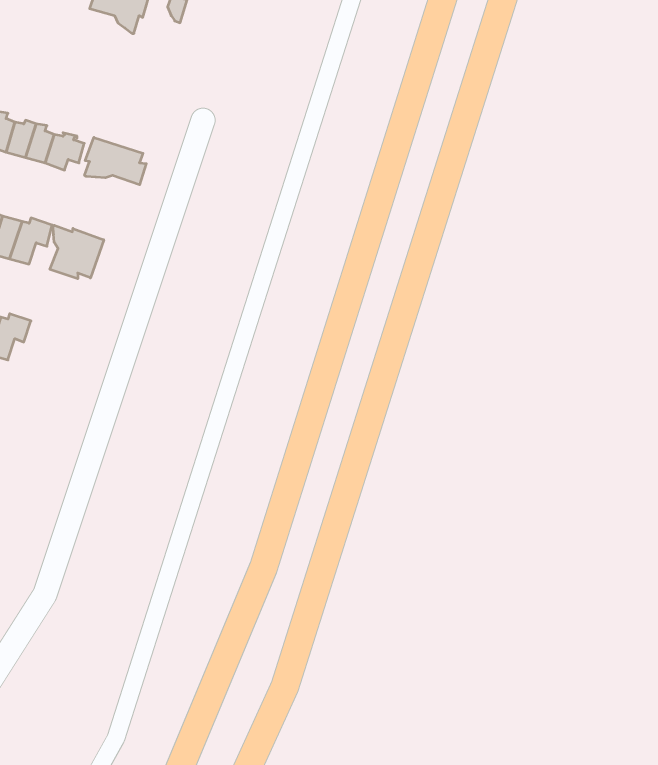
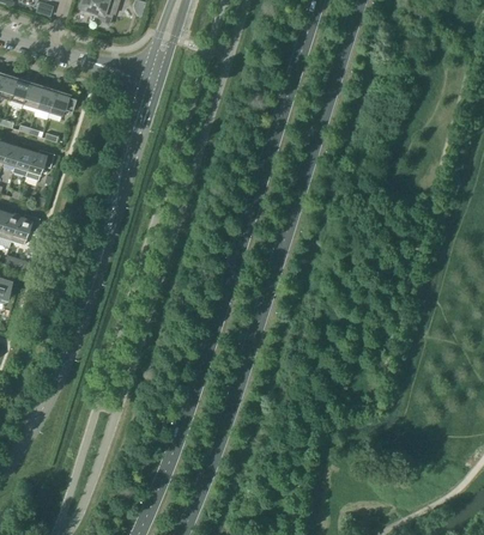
building: [85,137,146,185] -> none
building: [50,225,104,279] -> none

